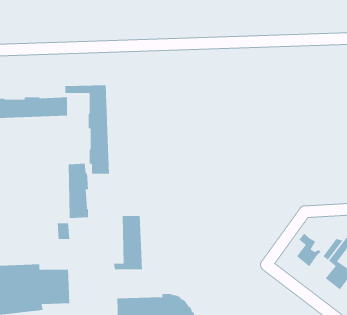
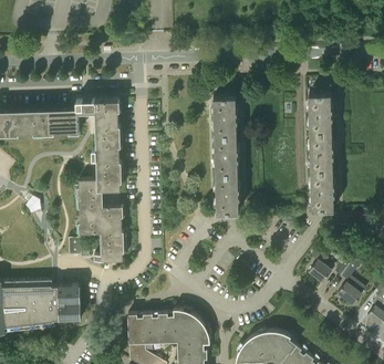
building: none -> [308,95,333,211]
building: none -> [212,97,238,215]
building: [113,216,143,270] -> [93,208,123,262]

